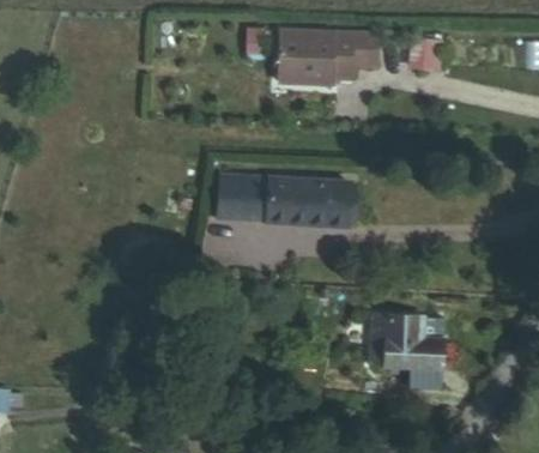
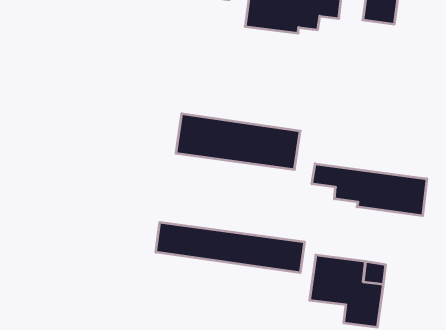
building: none -> [312,164,427,216]
building: none -> [156,222,304,273]

